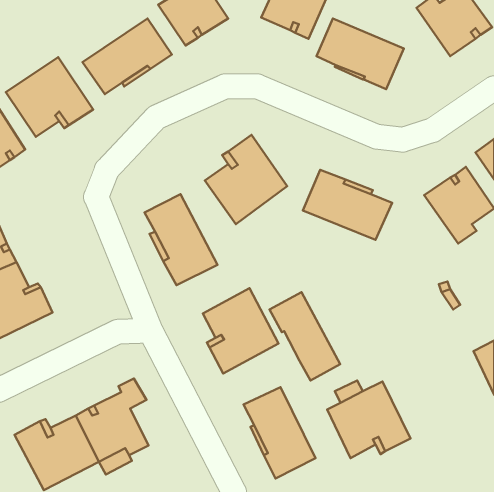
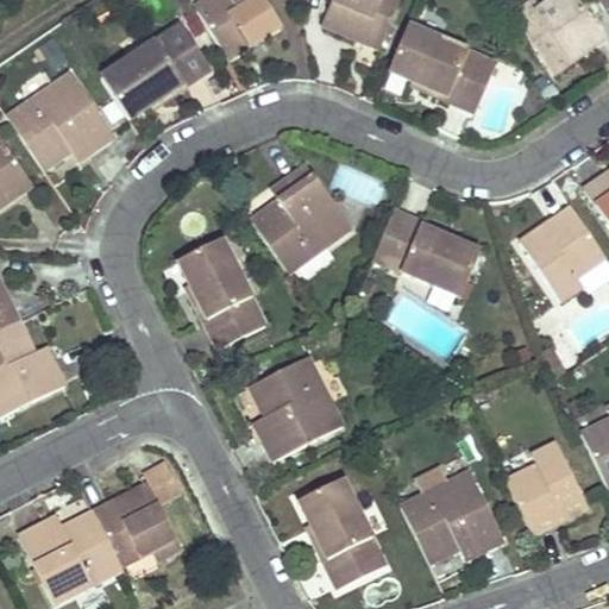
building: [269,292,340,381] -> none
building: none -> [504,441,586,533]

